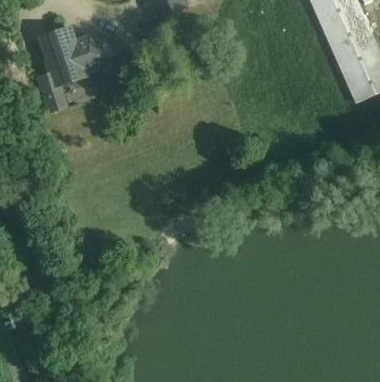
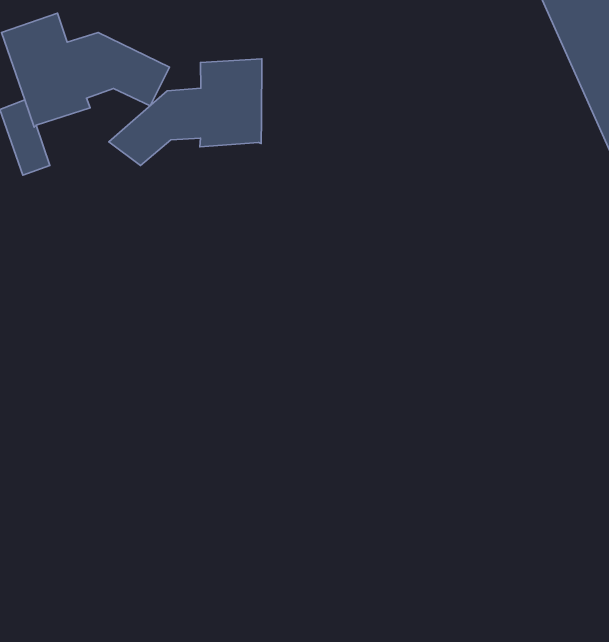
building: none -> [109,59,262,165]

